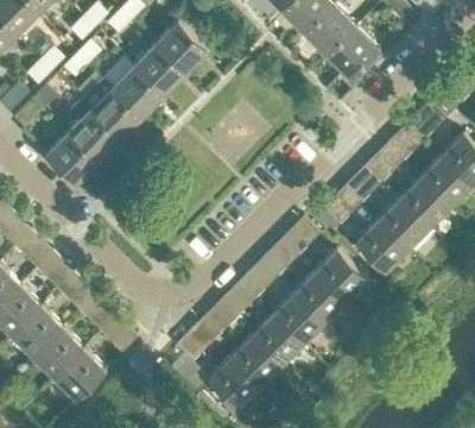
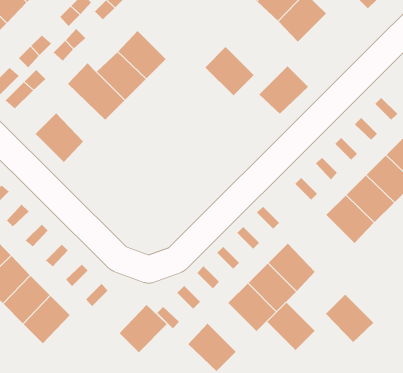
building: [154,23,208,76] -> [204,46,255,96]
building: [325,27,379,80] -> [259,66,309,114]
building: [68,102,120,164] -> none
building: [315,251,367,303] -> [325,294,374,343]
building: [229,336,281,389] -> [266,302,315,351]
building: [53,350,106,402] -> [119,304,168,353]

